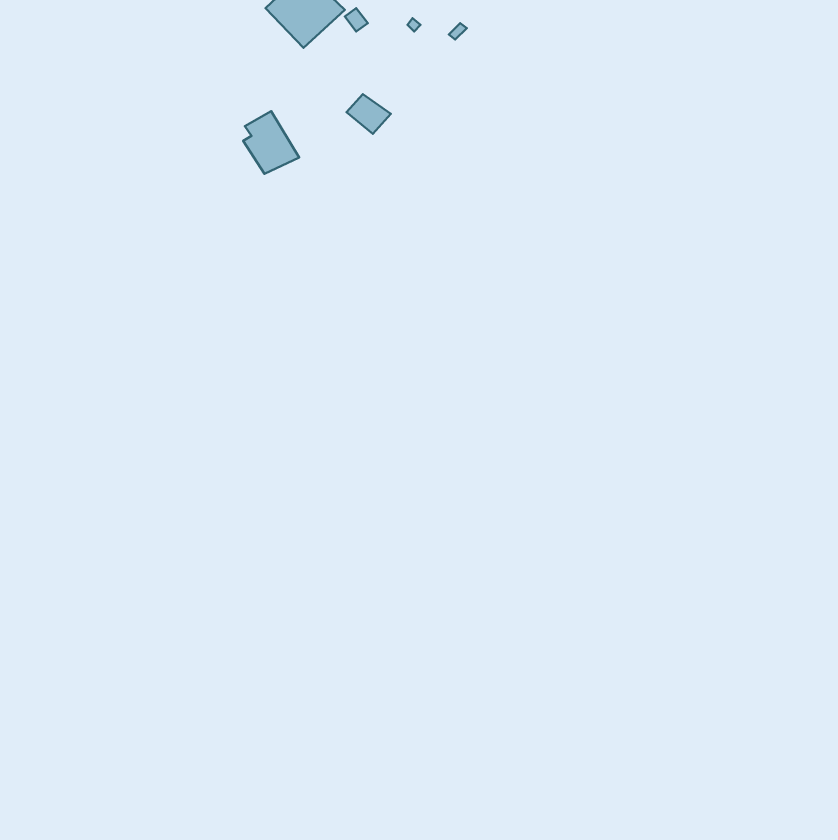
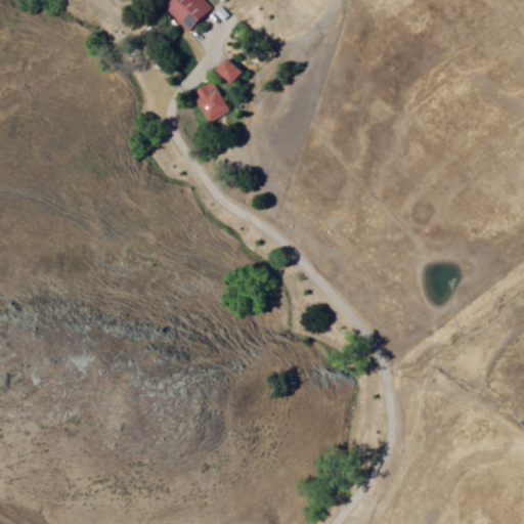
building: [243,111,299,174] -> [194,81,229,120]

